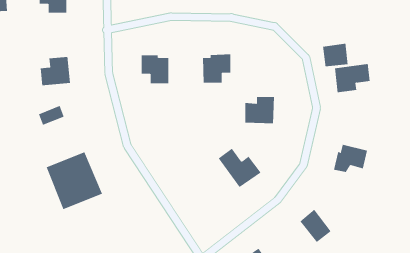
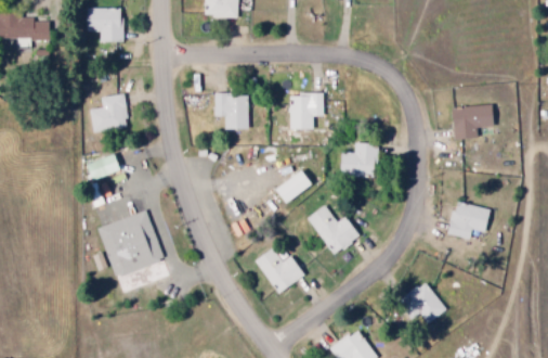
building: [322,43,348,67] -> none
building: none -> [277,171,314,203]
building: none -> [255,250,304,295]

